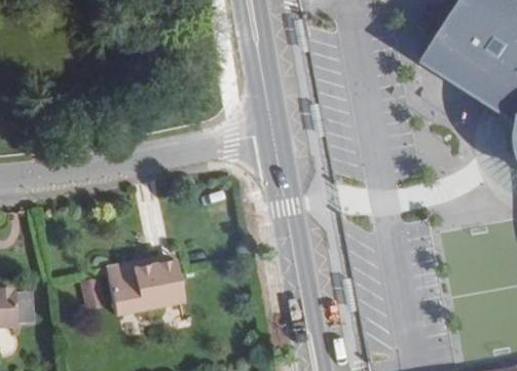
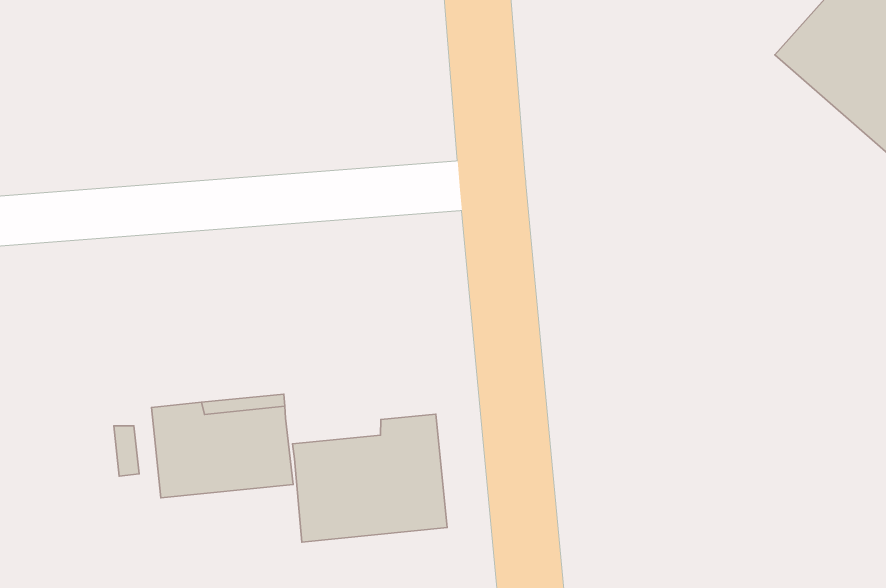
building: none -> [293,414,447,542]

